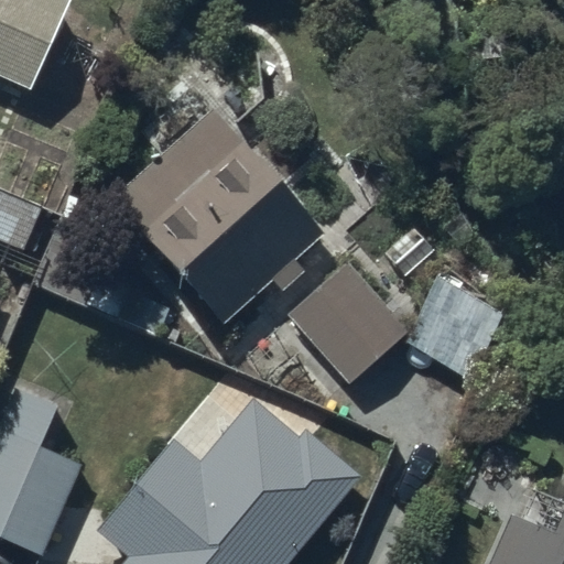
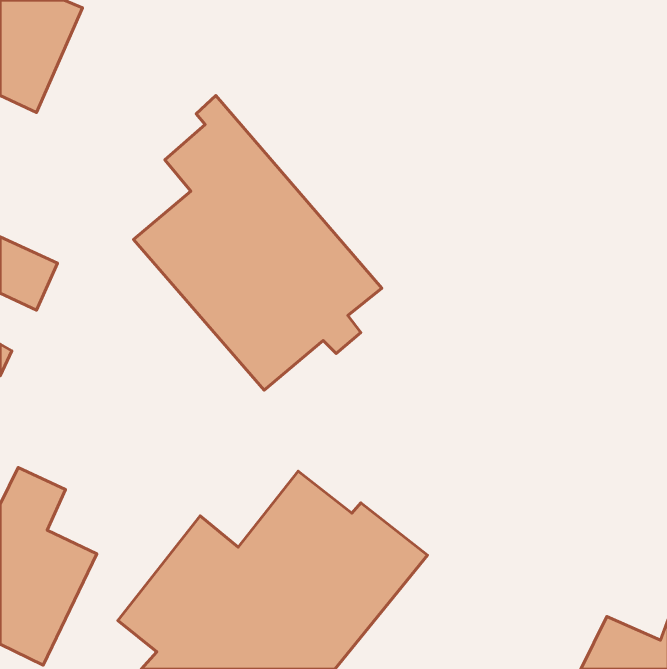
building: [276,259,402,386] -> none
building: [403,271,511,381] -> none

